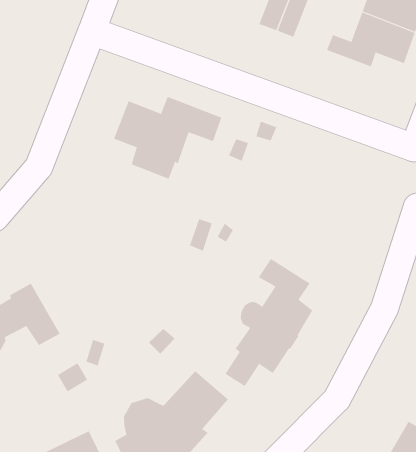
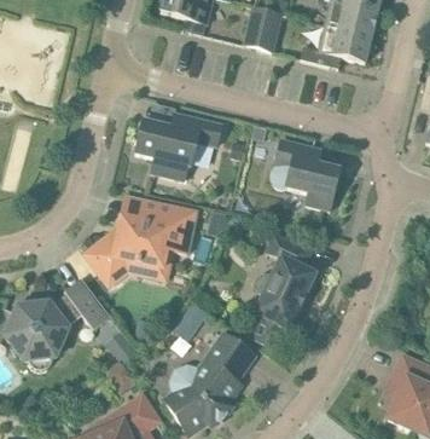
building: none -> [272,139,341,210]
building: none -> [83,198,197,287]

